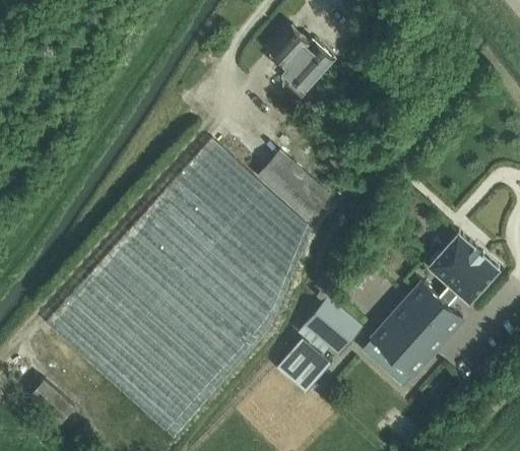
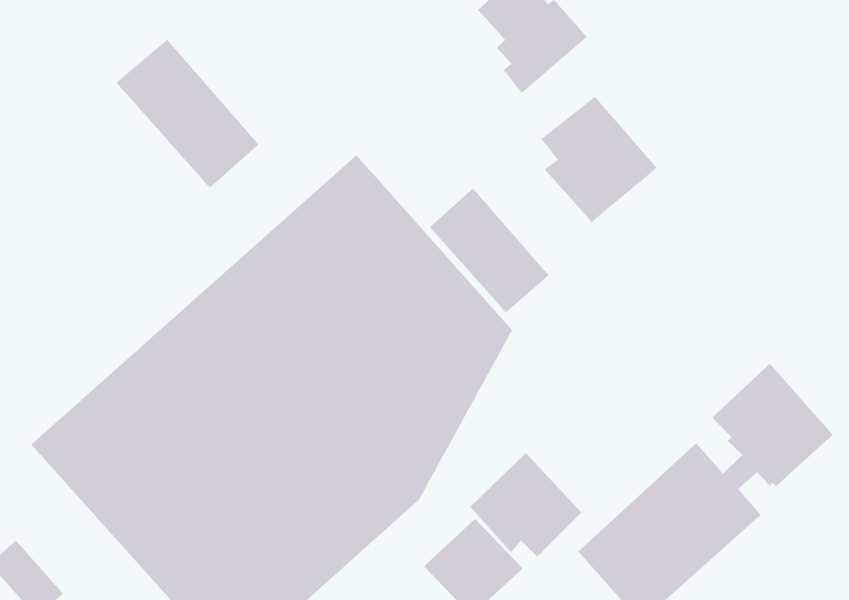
building: none -> [116,39,259,188]
building: none -> [541,96,658,223]

